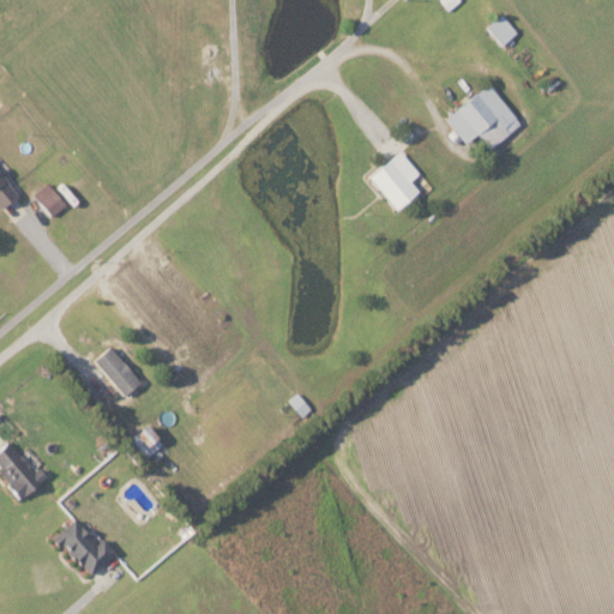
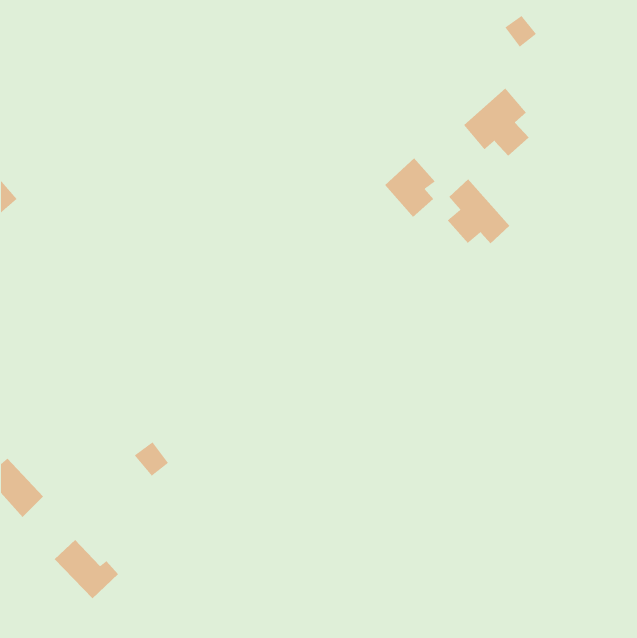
building: none -> [447,178,510,244]
building: [34,182,67,216] -> none
building: [95,345,142,395] -> none

